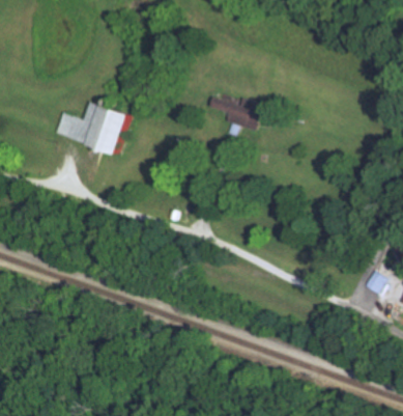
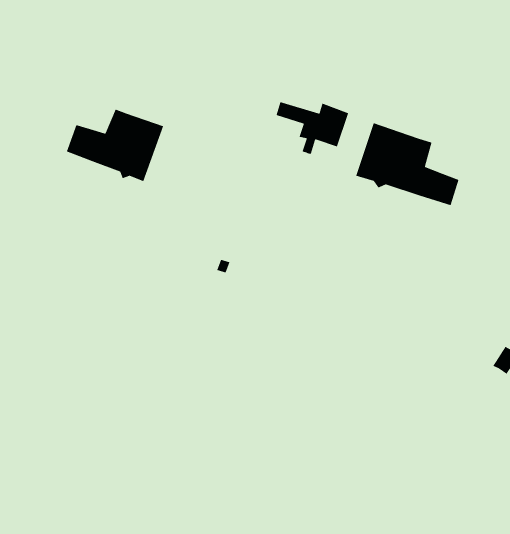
building: none -> [355,122,460,206]

